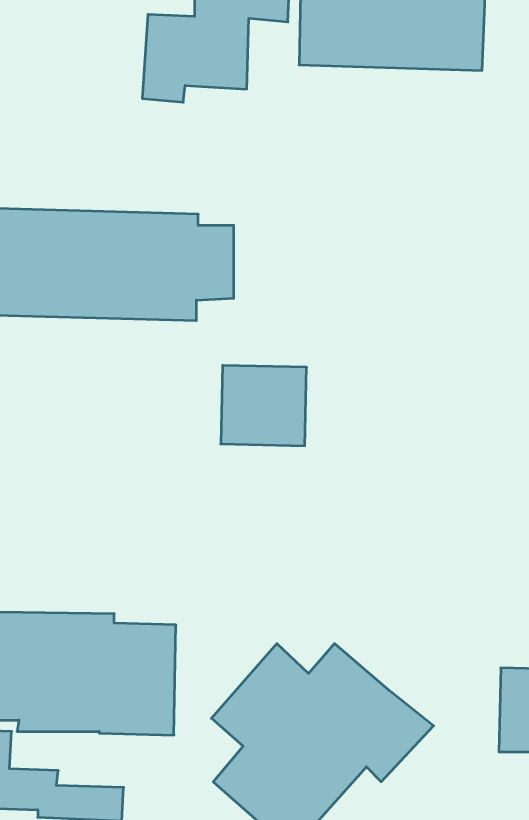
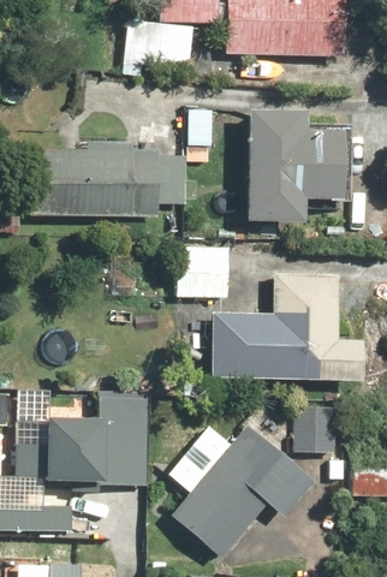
building: none -> [244,108,345,224]
building: none -> [234,272,361,385]
building: none -> [293,404,338,453]

